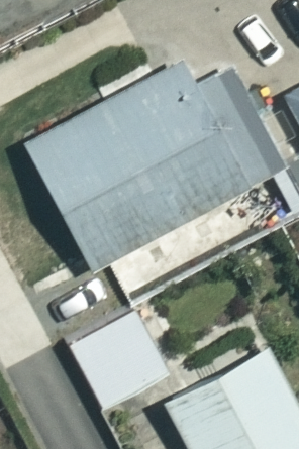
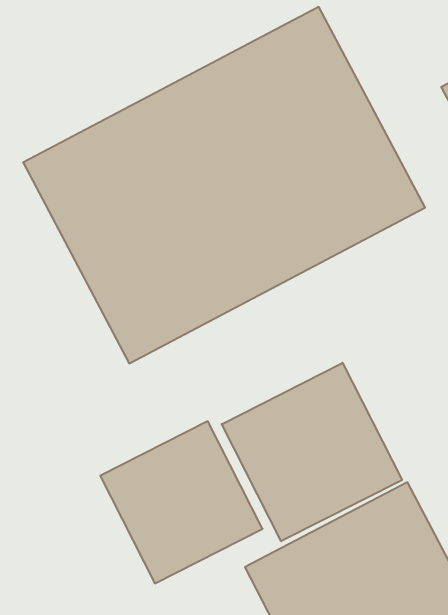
building: none -> [222,363,402,541]

